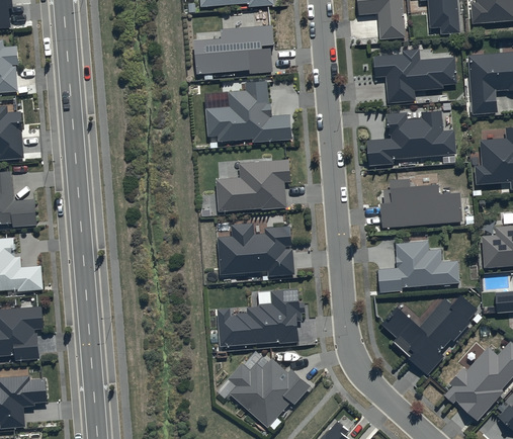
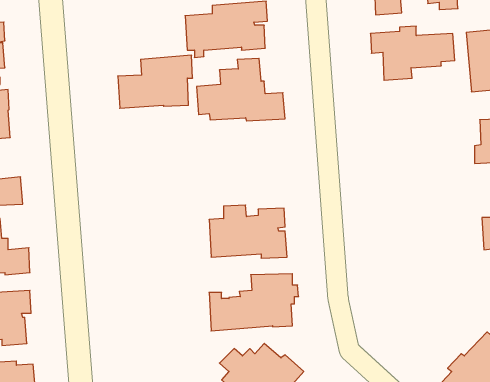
building: [366,110,454,165] -> none
building: [216,159,288,210] -> [118,55,193,108]
building: [380,179,460,228] -> none
building: [377,241,458,291] -> none
building: [381,294,477,374] -> none

